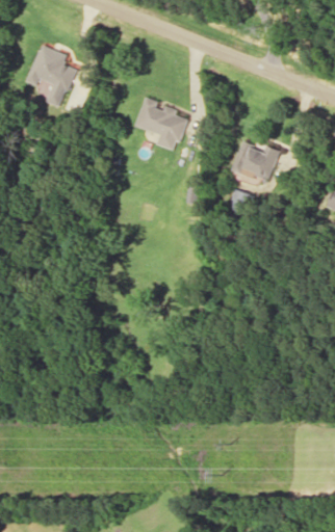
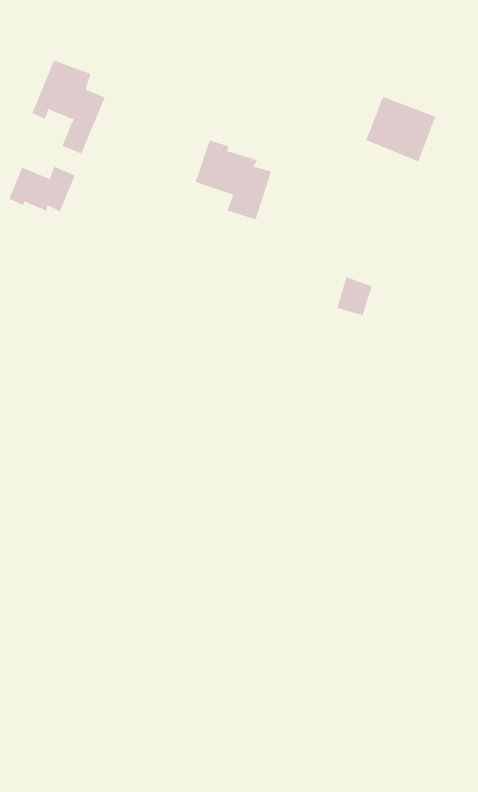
building: none -> [8,166,76,212]
building: [232,140,279,184] -> [365,96,436,162]

